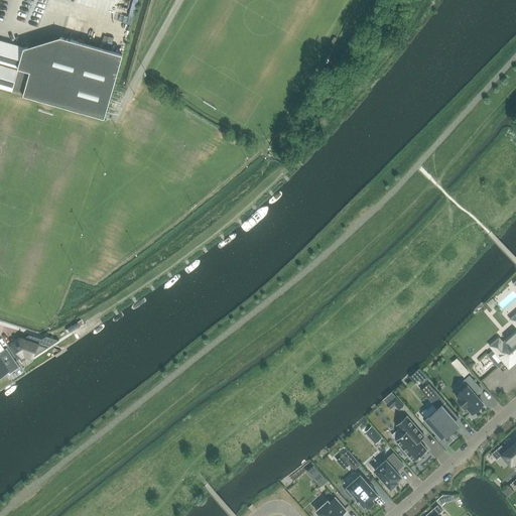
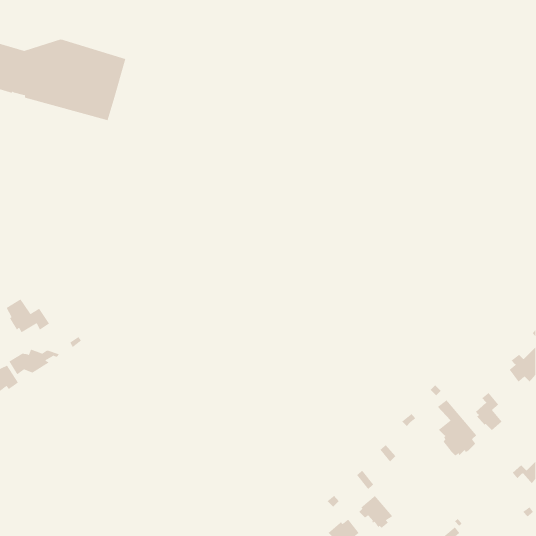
building: none -> [6,299,50,333]
building: [394,416,426,463] -> none
building: [374,455,402,489] -> none

